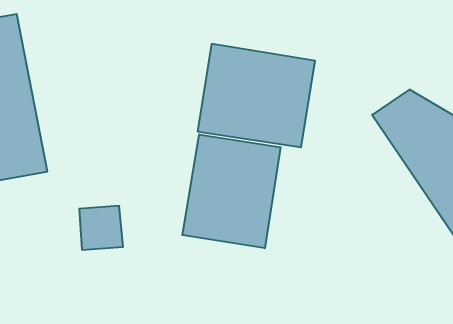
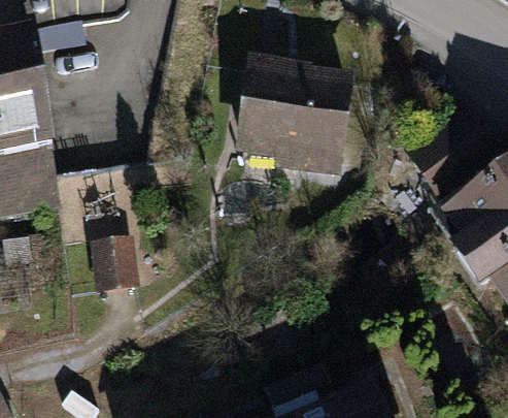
building: [182,134,281,248] -> none

